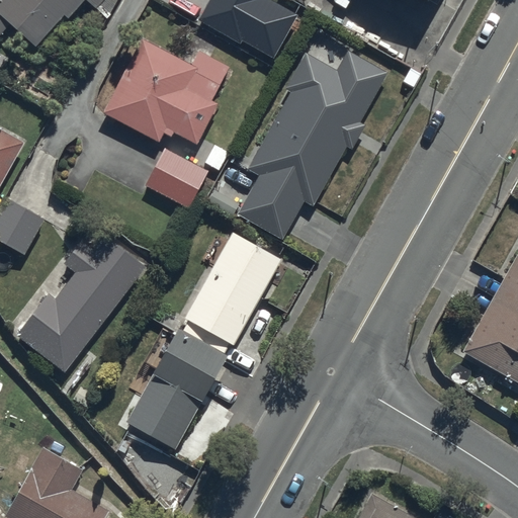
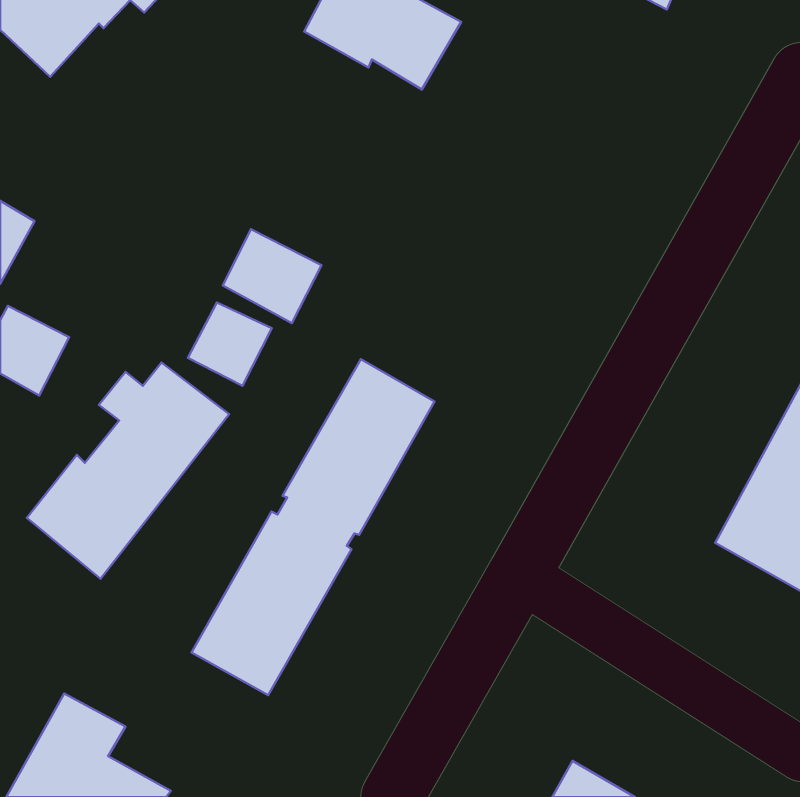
building: [99,35,230,145] -> none
building: [209,49,388,241] -> none
building: none -> [188,302,272,386]

